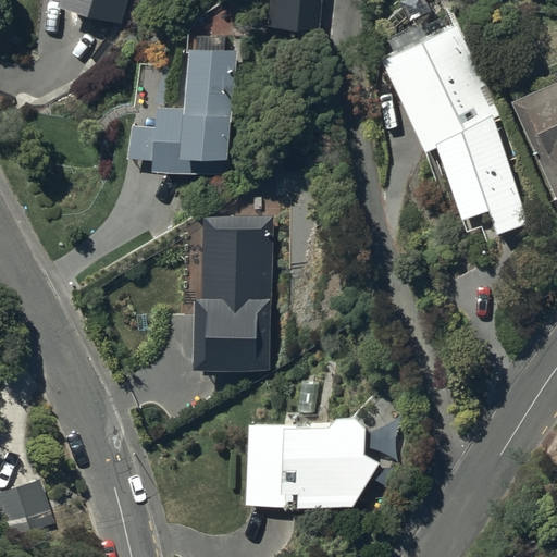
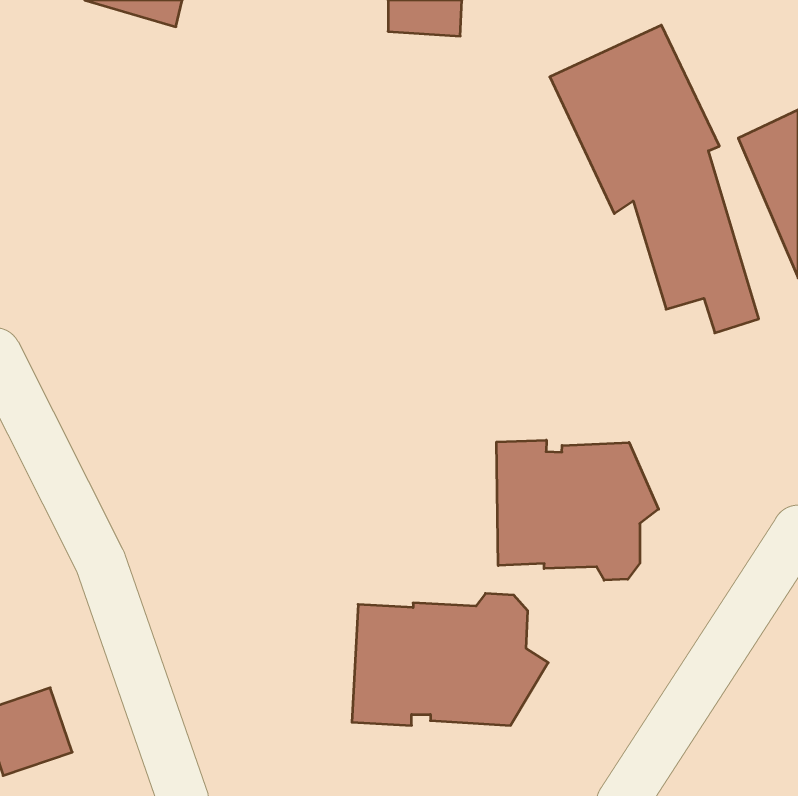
building: [128,37,234,174] -> none
building: [193,213,271,369] -> none
building: none -> [497,440,659,580]

